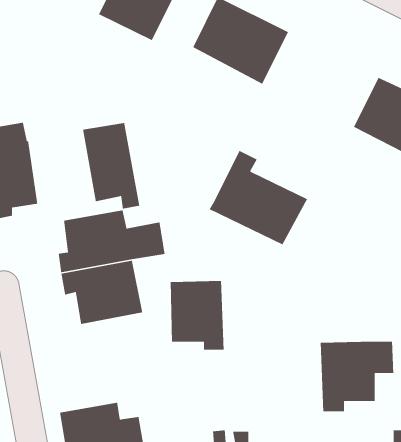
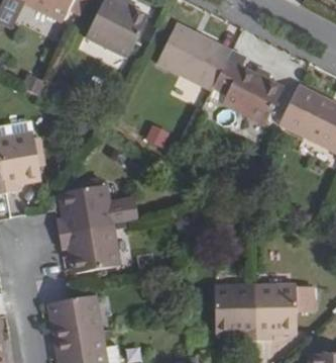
building: [82,122,140,210] -> none
building: [209,150,308,245] -> [208,50,284,122]
building: [170,280,224,350] -> [215,286,256,340]
building: none -> [50,296,101,340]

